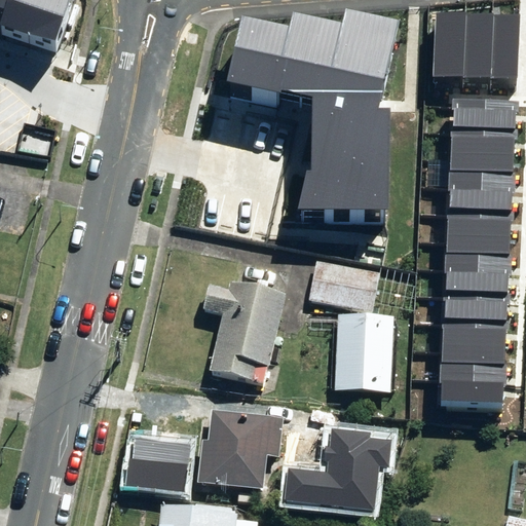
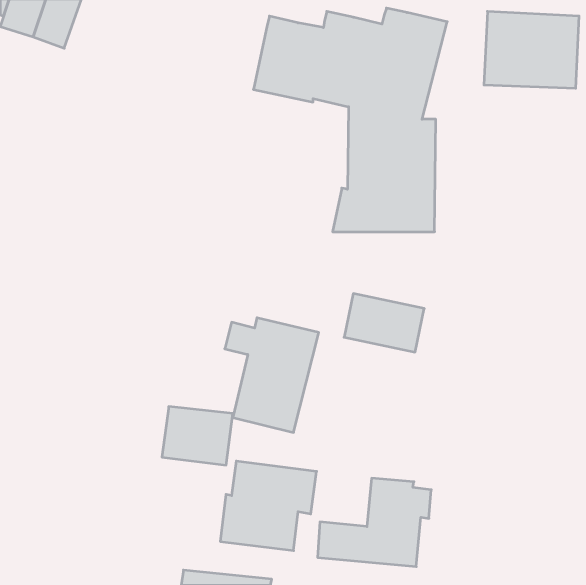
building: [439,97,517,408] -> none
building: [334,317,393,398] -> none
building: [127,439,191,491] -> [162,407,233,465]

